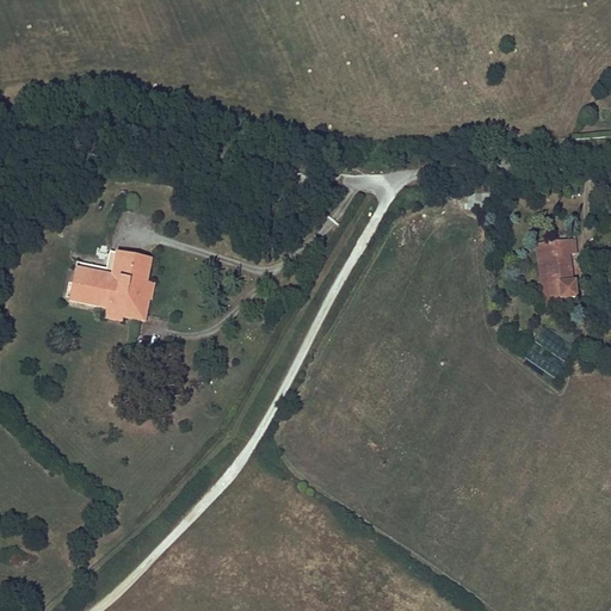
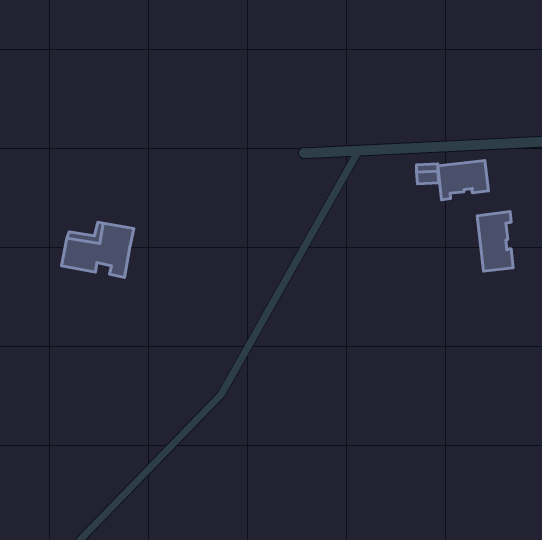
building: none -> [438,160,489,200]
building: [106,279,155,319] -> none

